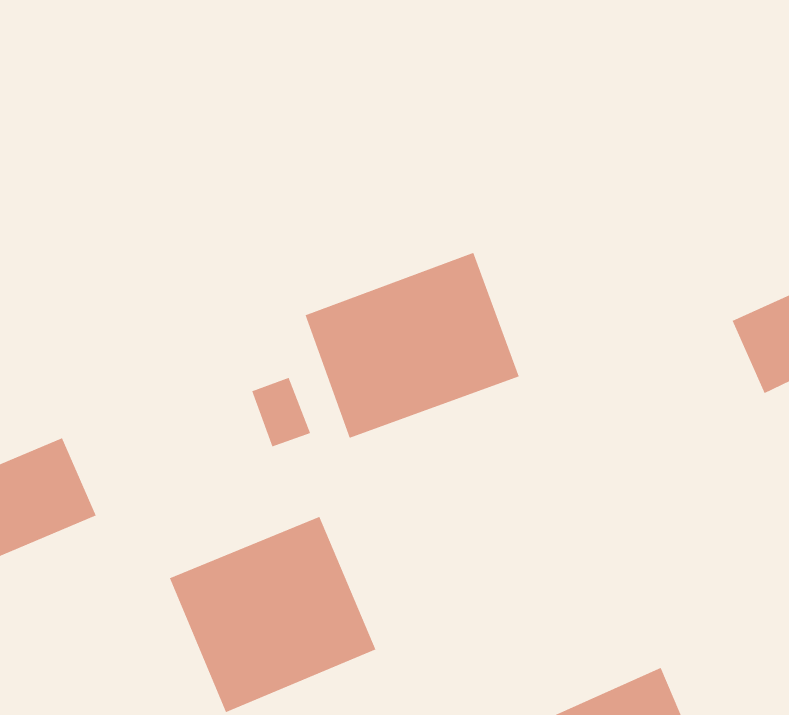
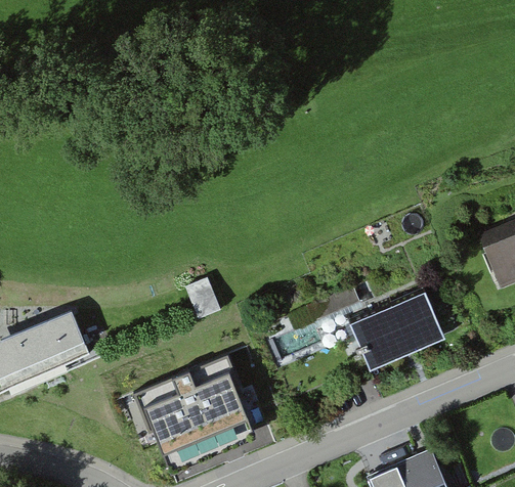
building: [305,252,520,439] -> none
building: none -> [349,292,445,372]

